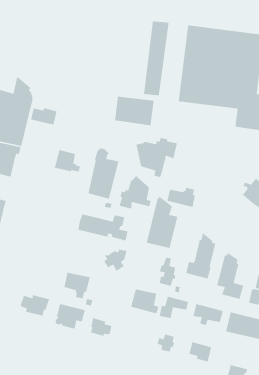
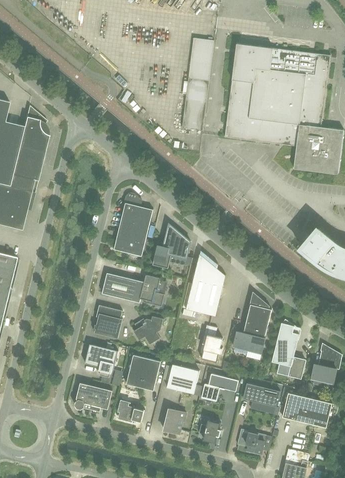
building: [114,96,154,126] -> none
building: [30,107,58,125] -> none
building: [136,137,178,178] -> none
building: [54,149,81,172] -> none
building: [166,187,196,208] -> none
building: none -> [94,305,122,338]
building: none -> [126,354,160,390]
building: [20,294,50,316] -> none
building: none -> [163,409,186,433]

